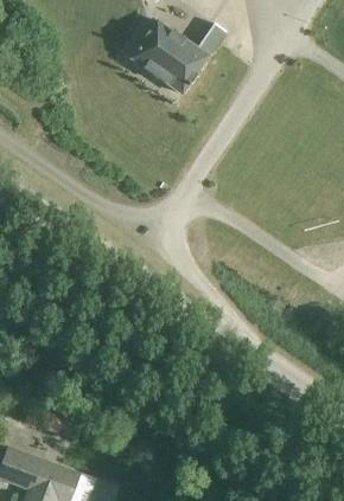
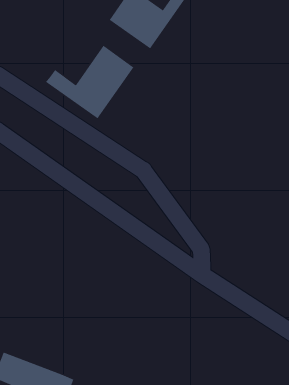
building: none -> [45,45,134,119]

